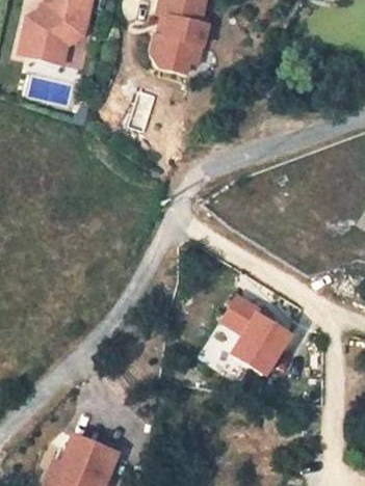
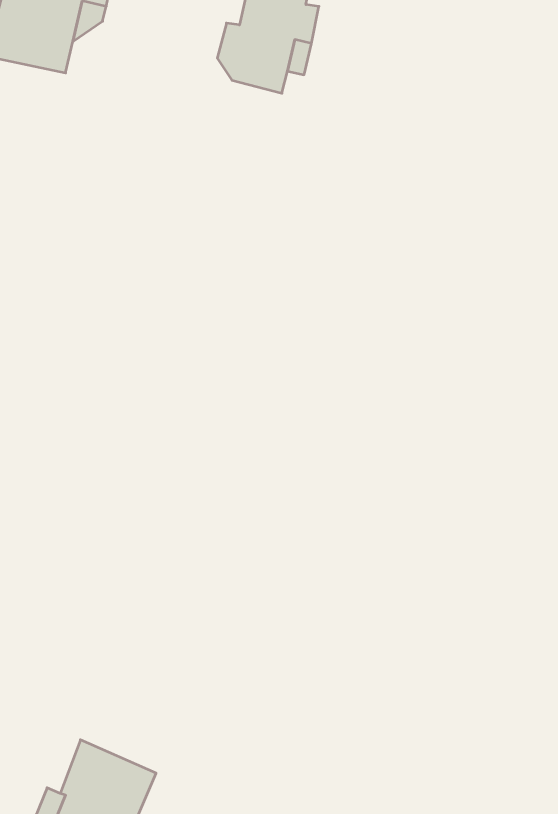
building: [221,297,293,377] -> none

